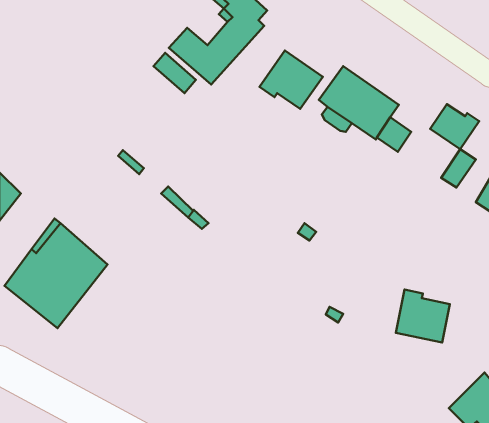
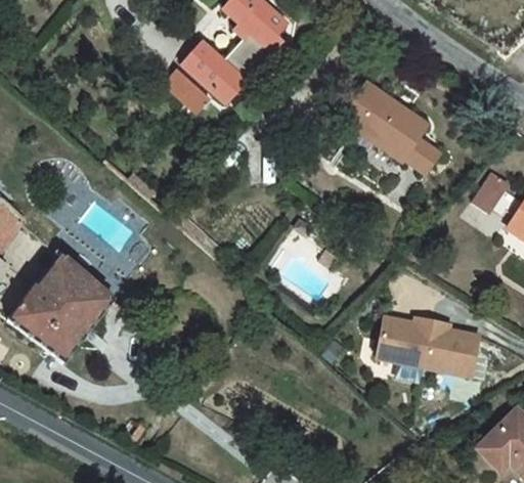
building: [259,51,323,109] -> none
building: [430,104,479,149] -> none
building: none -> [378,315,432,366]

